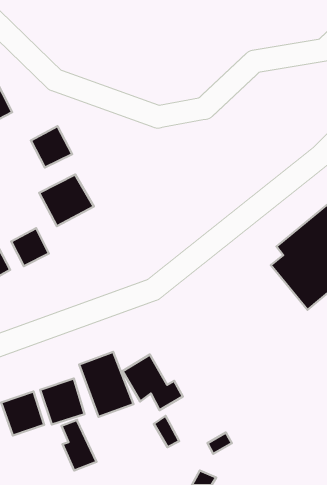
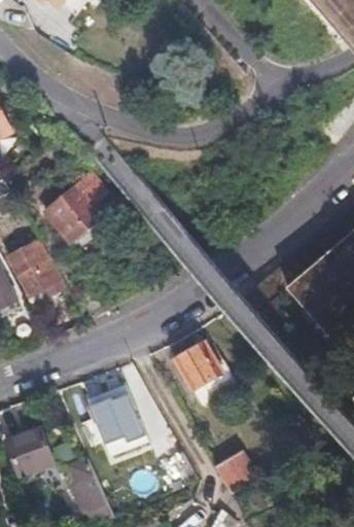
building: [31,126,72,168] -> none
building: [123,355,183,410] -> [175,340,239,398]
building: [40,378,85,424] -> none

